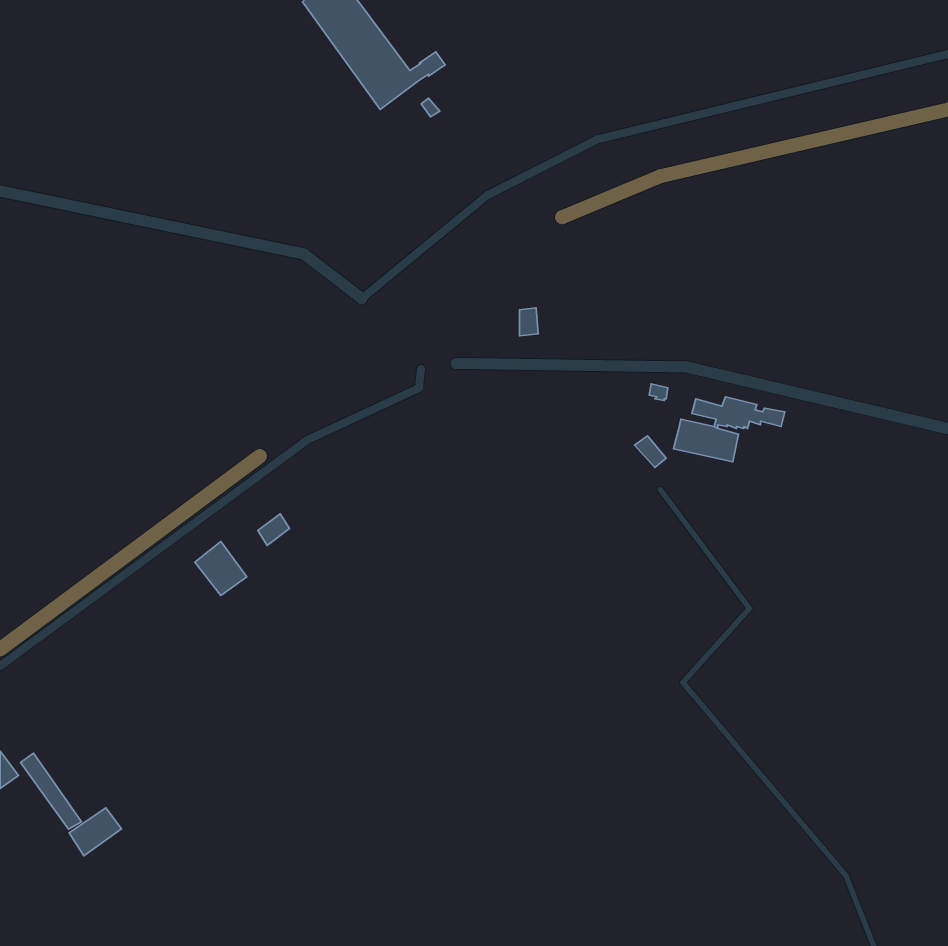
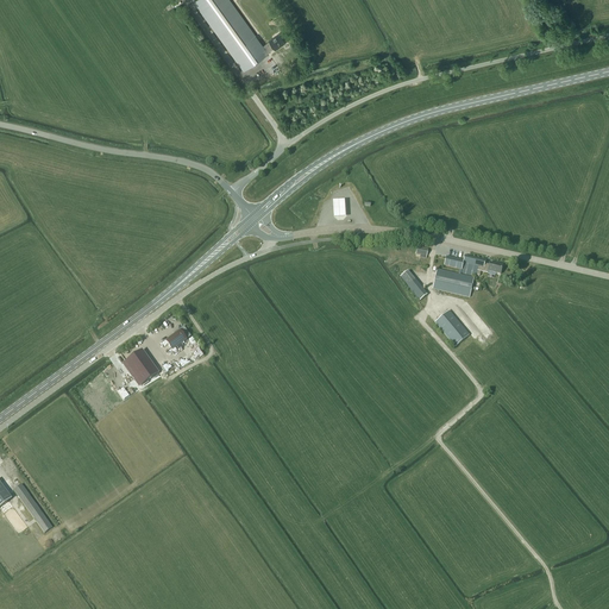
building: none -> [435,310,469,346]
building: [69,808,122,856] -> none

